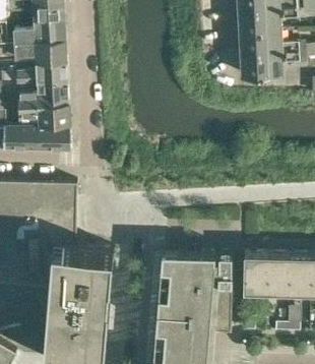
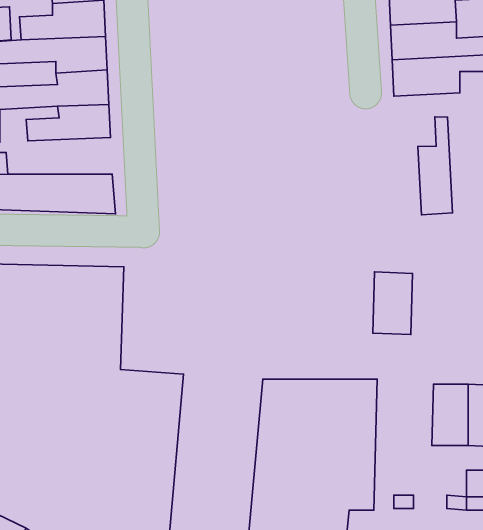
building: none -> [418,117,453,215]
building: [18,104,70,126] -> none
building: [243,254,267,293] -> [373,272,413,335]

